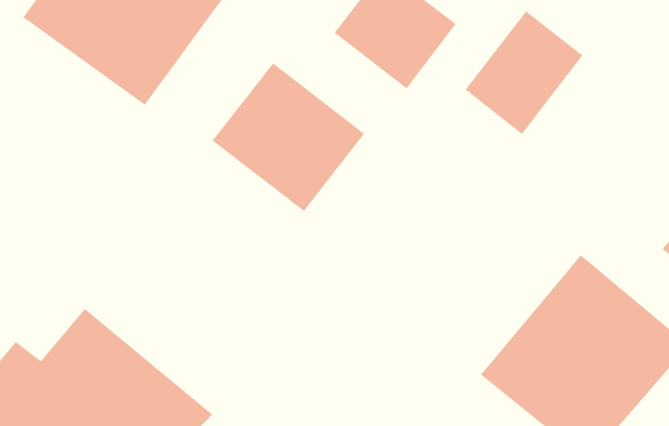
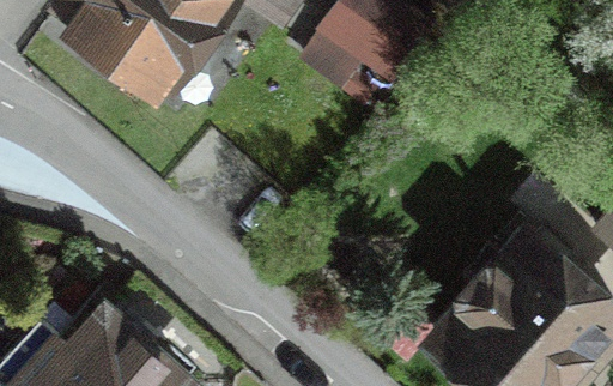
building: [465,11,583,135] -> none
building: [212,62,365,212] -> none

